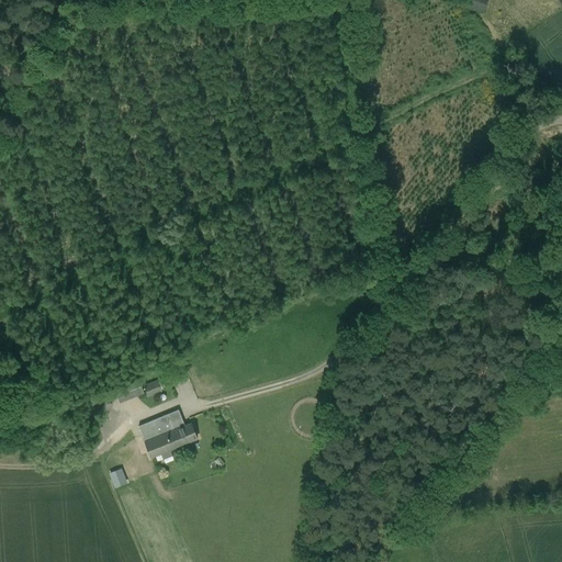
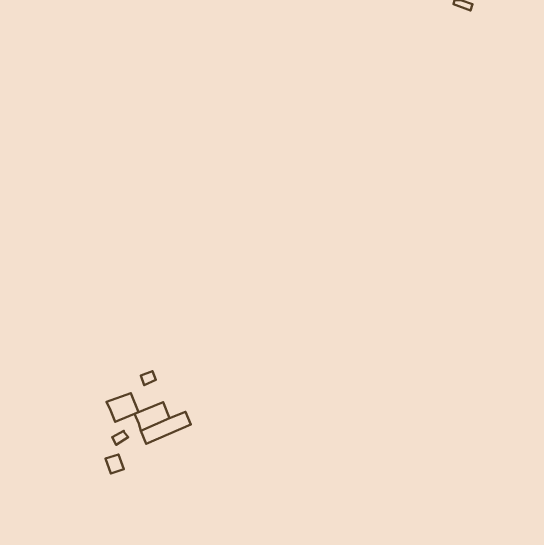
building: none -> [106,393,138,422]

